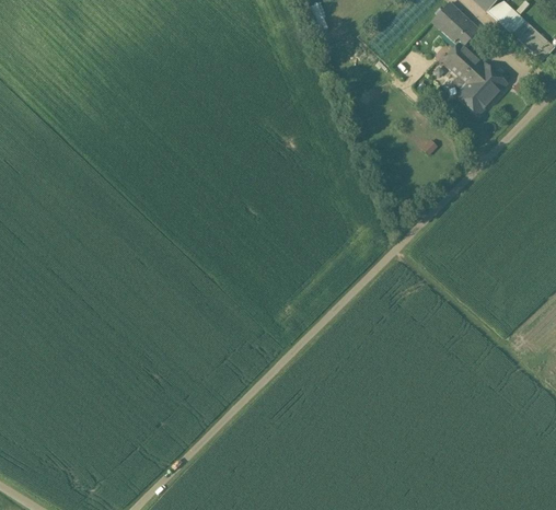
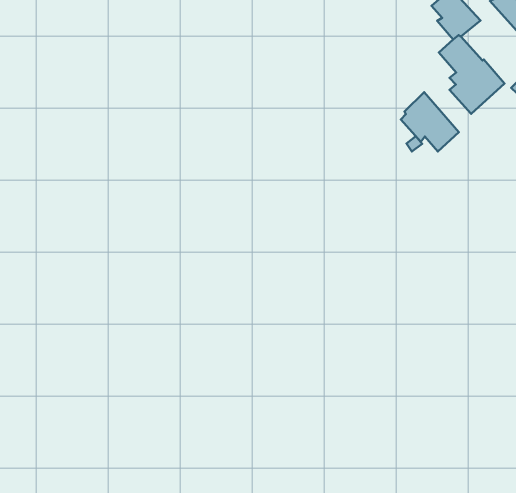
building: none -> [401,92,459,151]

